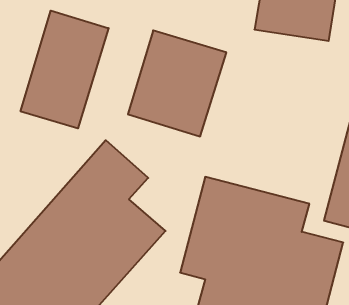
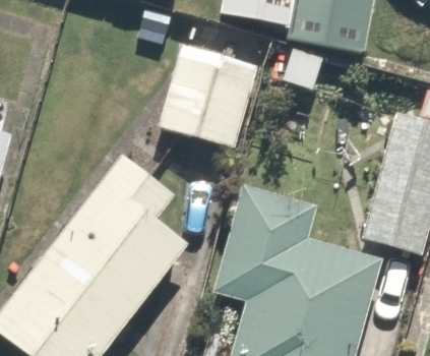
building: [21,11,109,128] -> none

